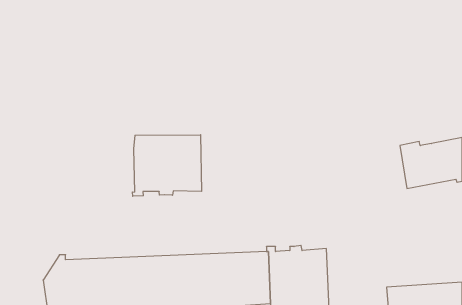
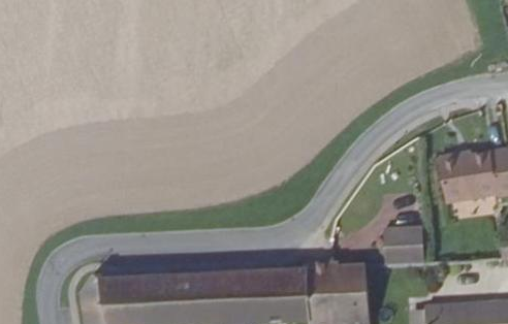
building: [132,135,201,196] -> none
building: none -> [386,228,425,262]

